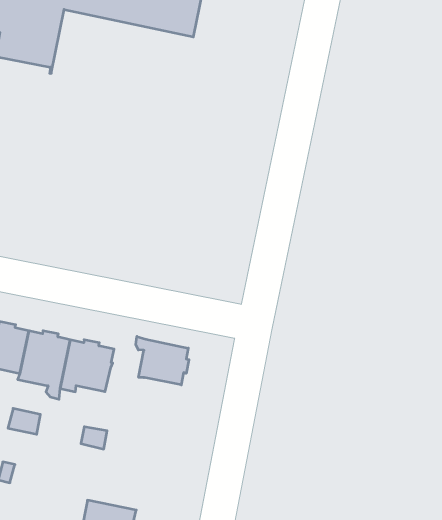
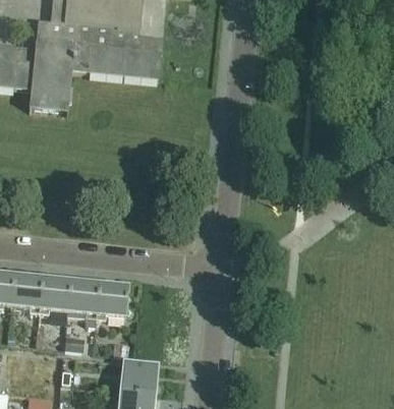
building: [136,336,189,385] -> none
building: none -> [121,360,157,392]

